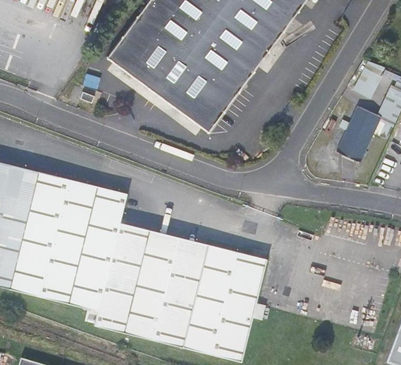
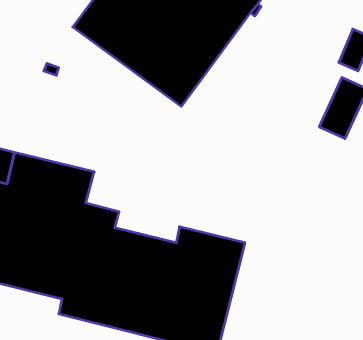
building: [146,230,206,259] -> none

